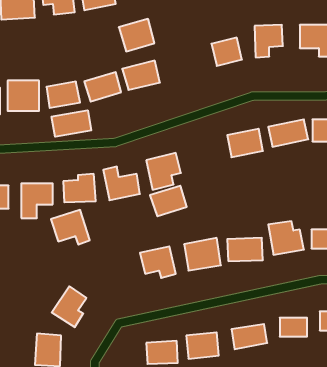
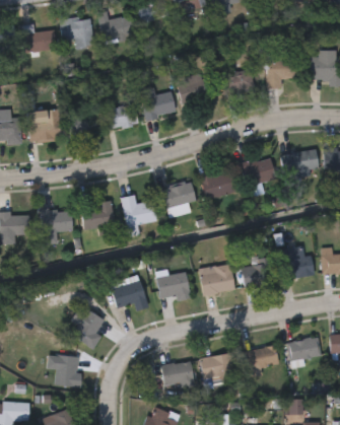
building: [119,19,154,51] -> [178,75,212,107]
building: [52,110,91,137] -> none
building: [150,186,187,216] -> [200,169,235,199]
building: [51,210,90,245] -> [111,277,148,310]

